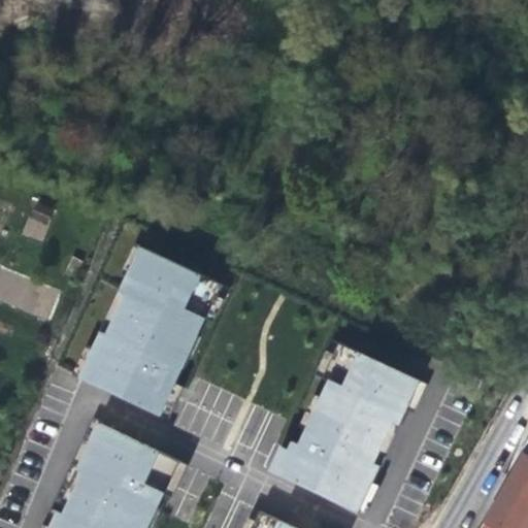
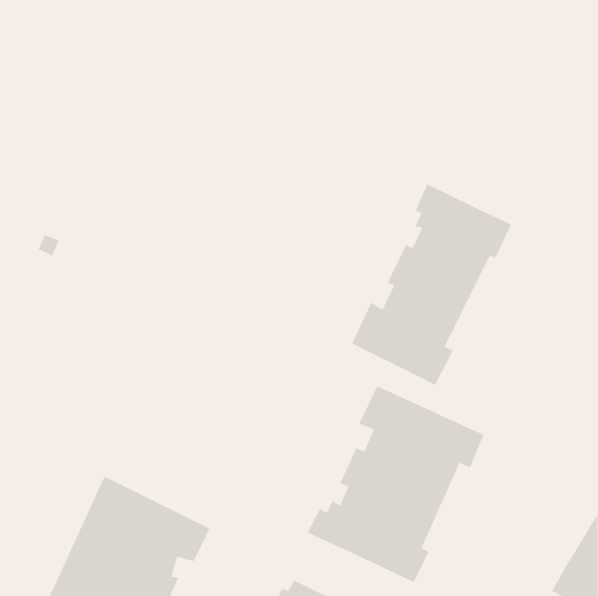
building: none -> [351,183,512,386]
building: [73,245,229,420] -> none

